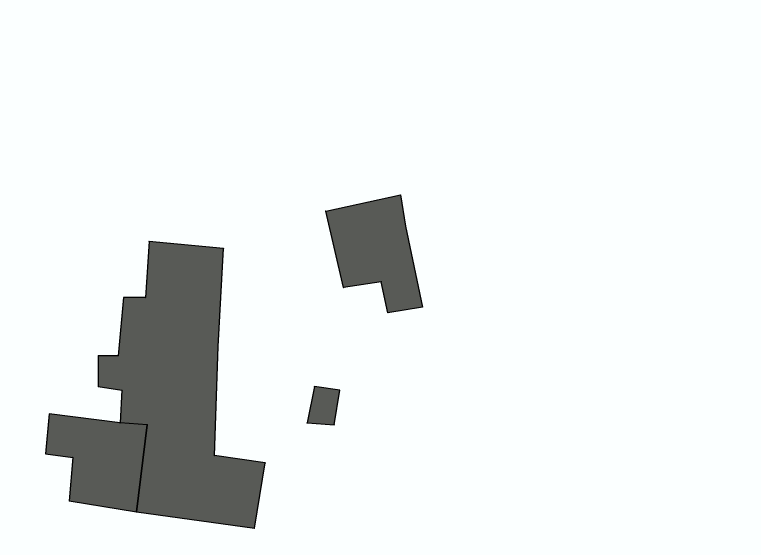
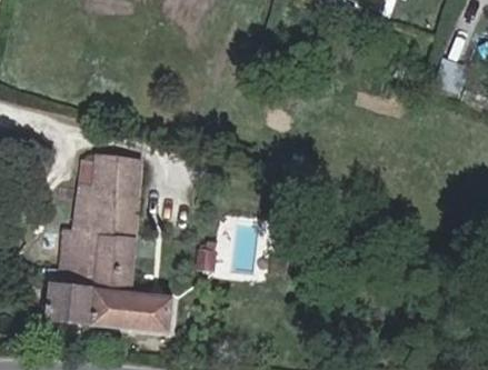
building: [326,195,422,313] -> none

